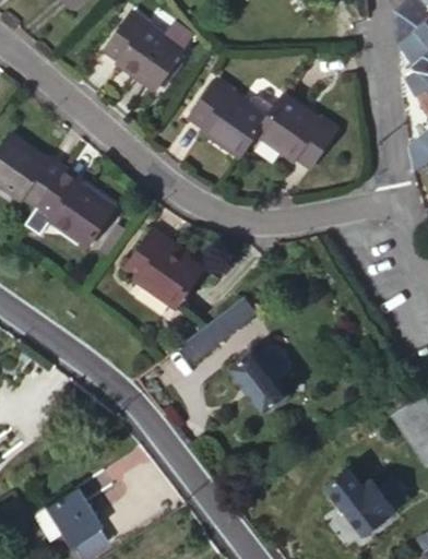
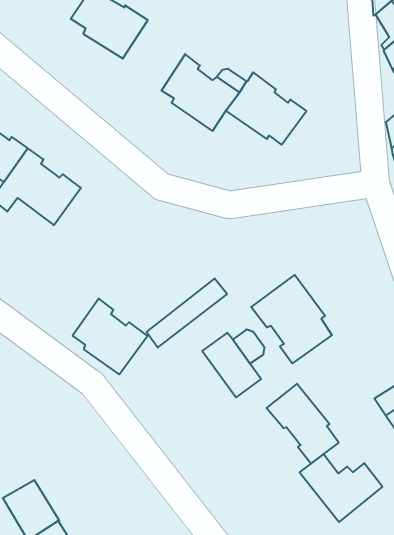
building: [129,234,201,307] -> [73,298,147,374]
building: none -> [251,275,332,363]
building: none -> [267,384,339,464]

